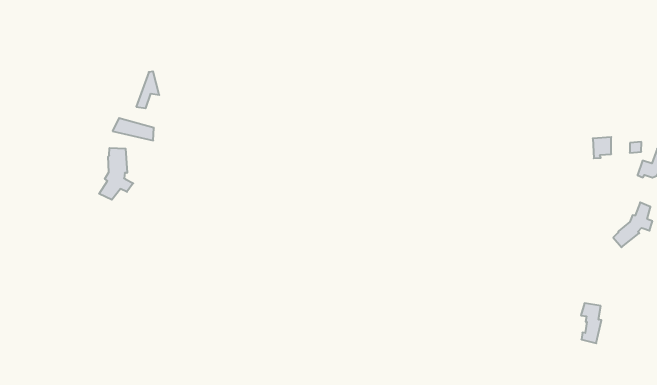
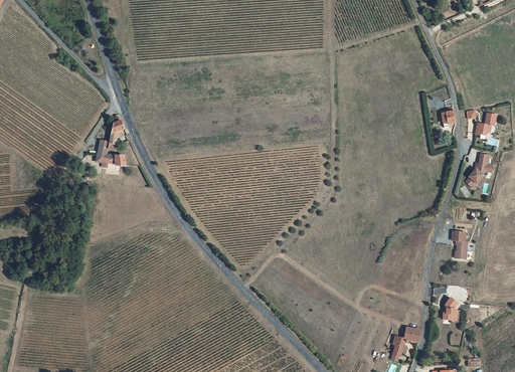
building: [99,148,133,200] -> none

